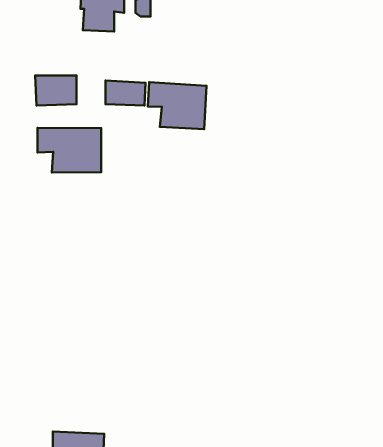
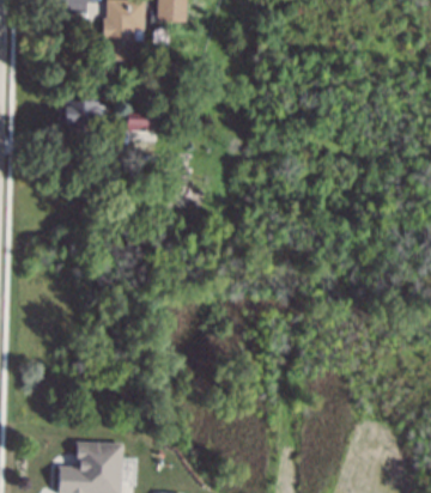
building: [148,82,207,129] -> none
building: [37,128,101,172] -> none

